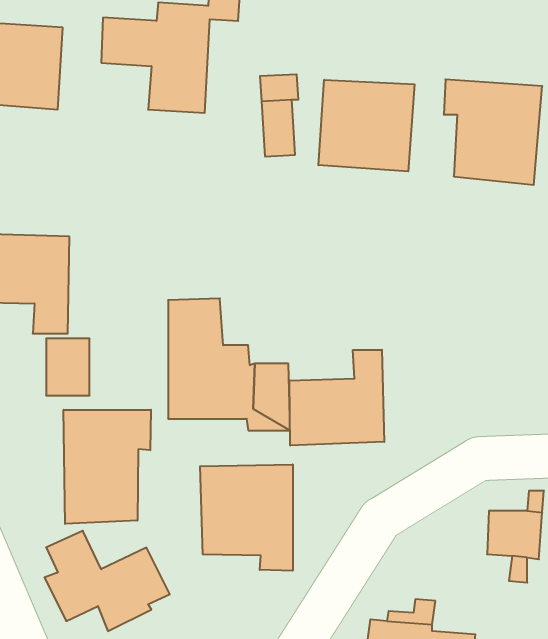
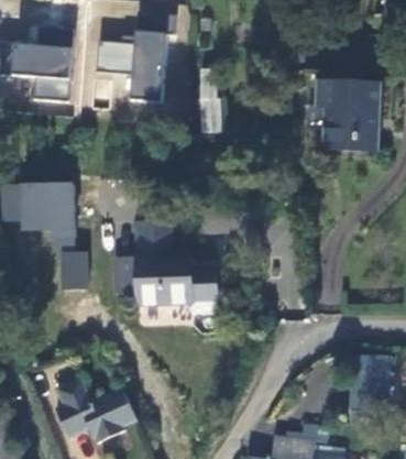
building: [318,80,414,171] -> none
building: [290,350,384,446] -> none
building: [64,410,151,524] -> none
building: [200,464,293,571] -> none

